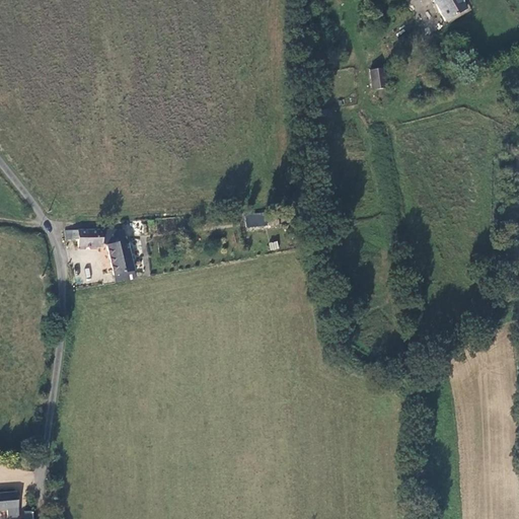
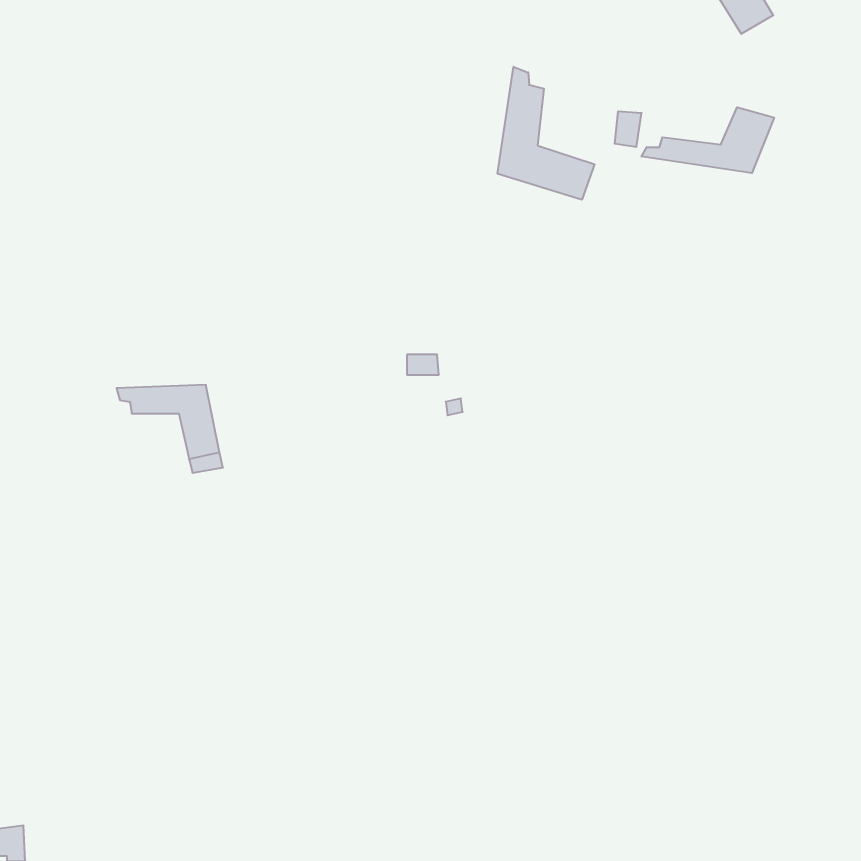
building: none -> [498,67,594,200]
building: none -> [642,107,774,173]

